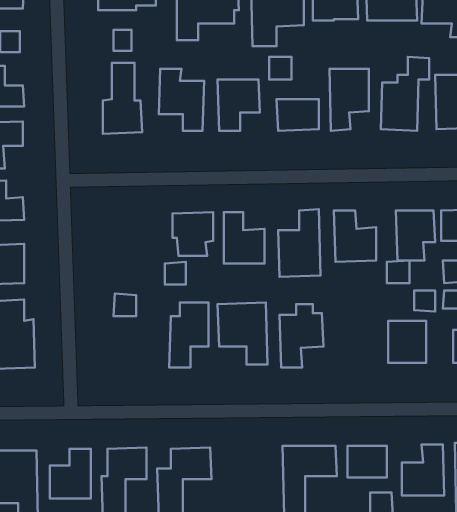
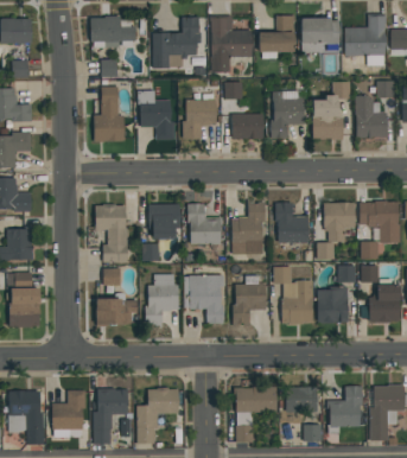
building: none -> [95,204,127,262]
building: none -> [273,266,313,323]
building: none -> [95,298,134,324]

